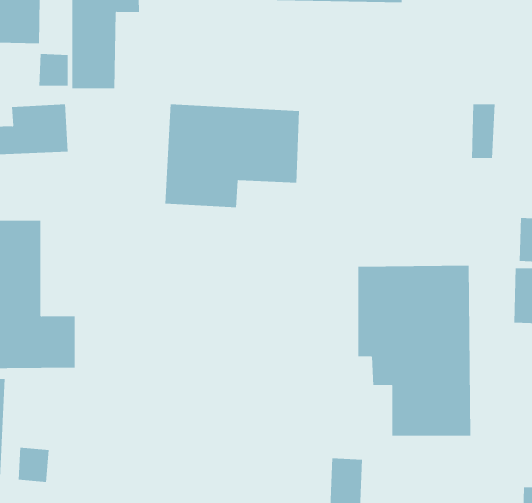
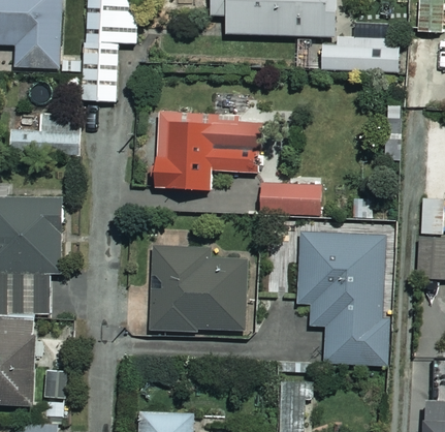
building: none -> [322,40,403,70]
building: none -> [262,183,320,214]
building: none -> [150,249,247,331]

